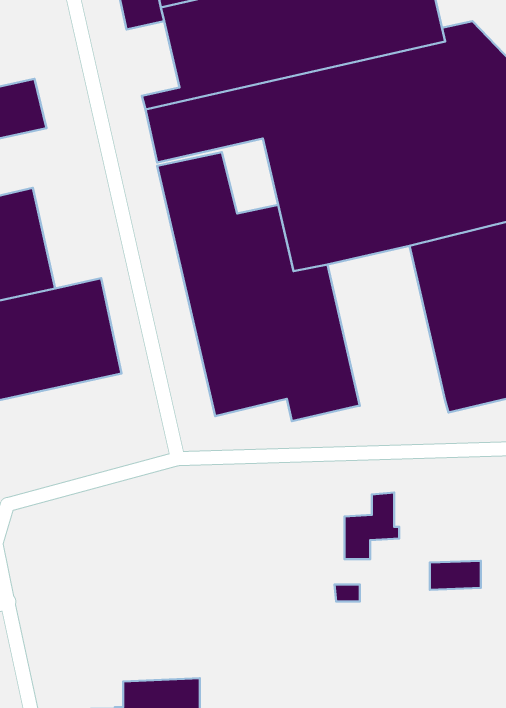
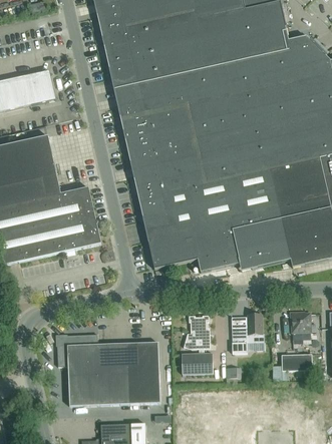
building: none -> [103,35,134,79]
building: none -> [121,104,193,148]
building: none -> [222,167,291,270]
building: none -> [289,311,310,342]
building: none -> [182,314,213,373]
building: none -> [57,333,160,405]

